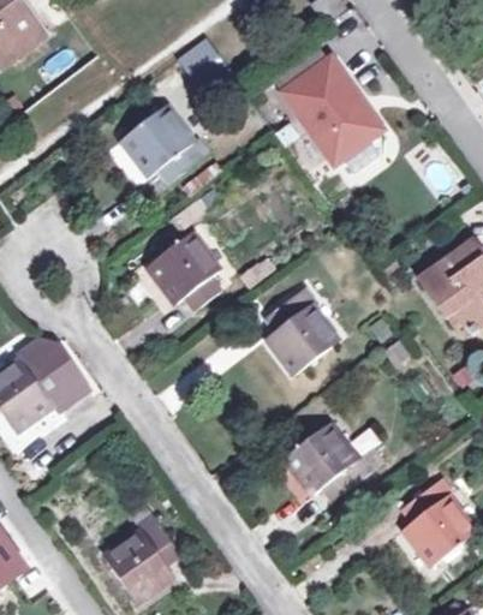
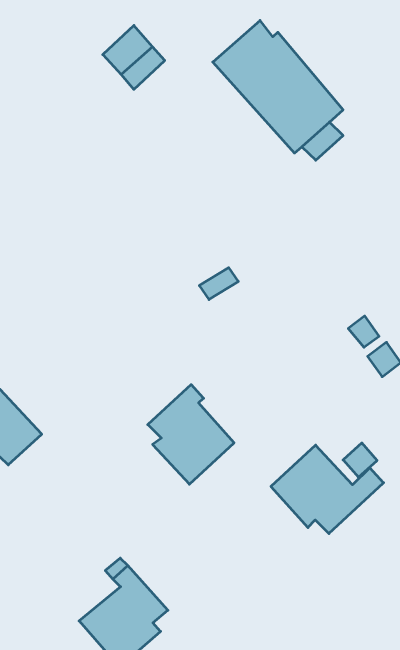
building: [121,105,209,184] -> none
building: [148,233,222,310] -> none
building: [263,286,338,374] -> [148,385,234,484]

